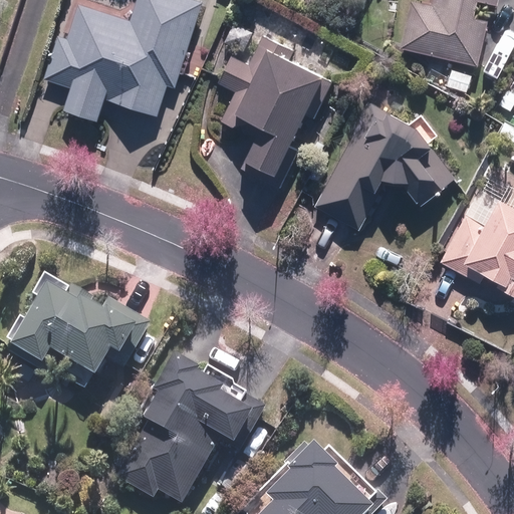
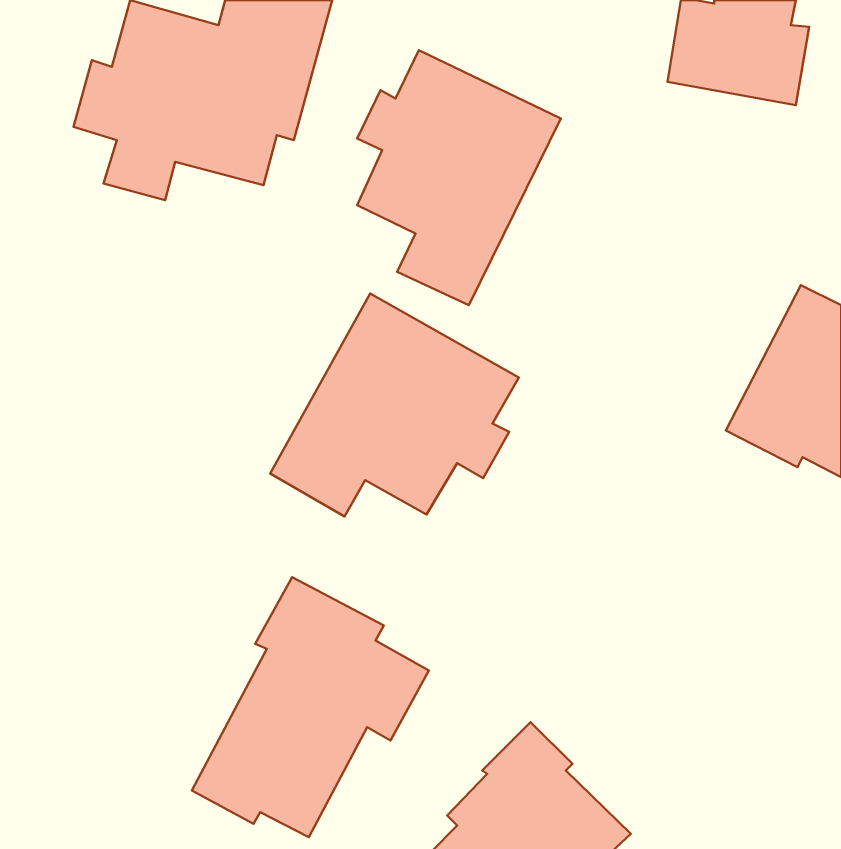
building: [313,106,460,233] -> none
building: none -> [270,294,519,517]
building: [5,269,144,375] -> none

